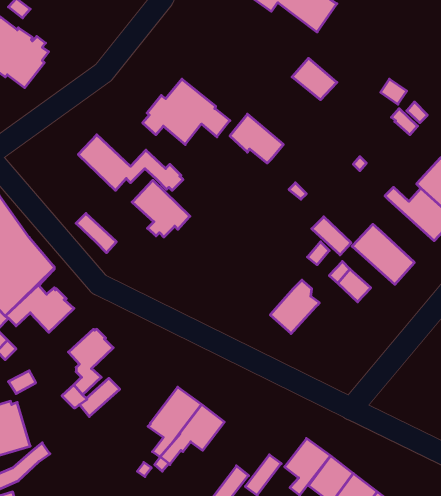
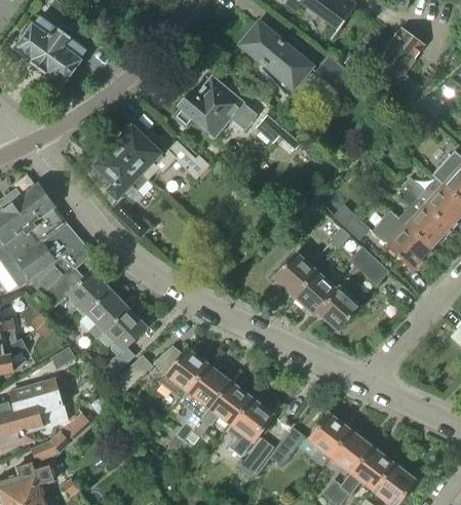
building: none -> [241,24,309,94]
building: none -> [372,28,424,84]
building: [132,180,190,237] -> [93,146,148,199]
building: none -> [397,188,448,247]
building: none -> [272,254,315,297]
building: none -> [316,277,359,329]
building: none -> [78,290,127,339]
building: none -> [154,347,206,399]
building: none -> [226,397,273,457]

